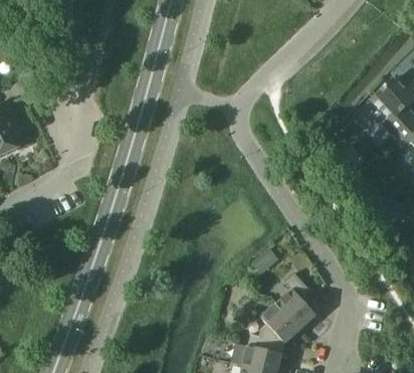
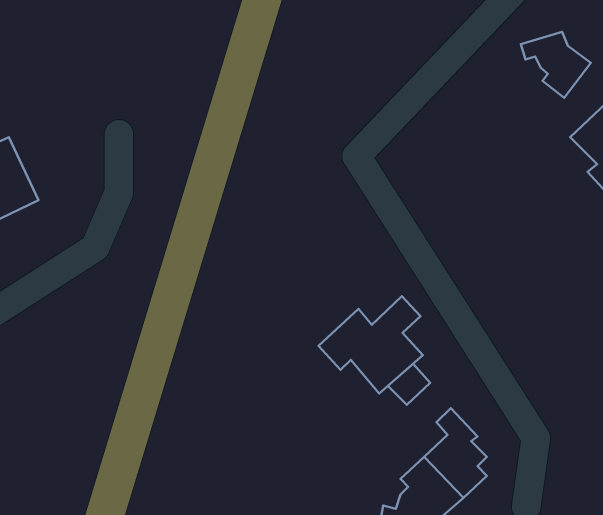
building: none -> [521,32,591,98]
building: none -> [319,296,423,394]

